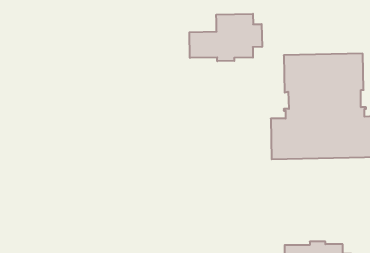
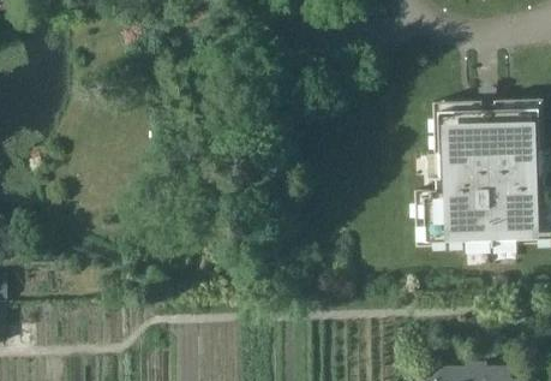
building: [189,14,262,61] -> none

